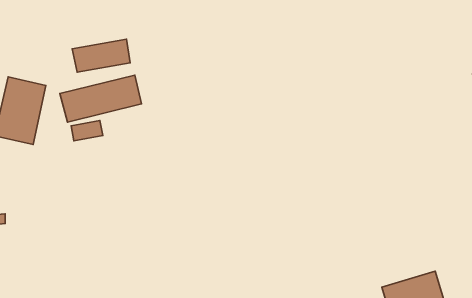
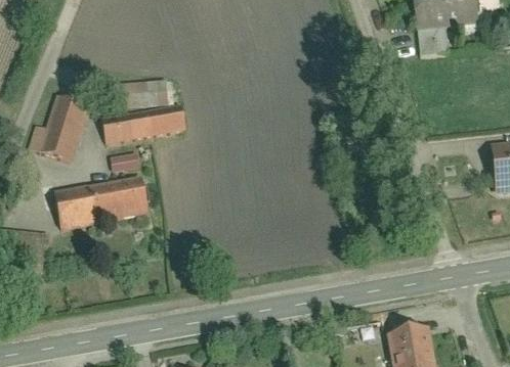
building: none -> [55,174,145,227]

